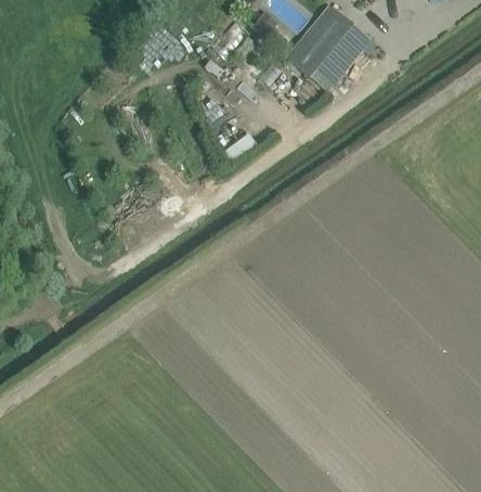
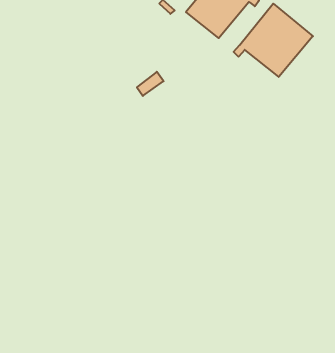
building: none -> [234,4,313,77]

